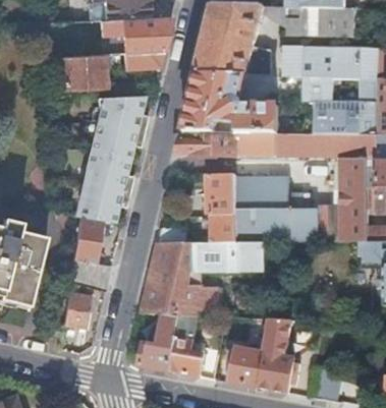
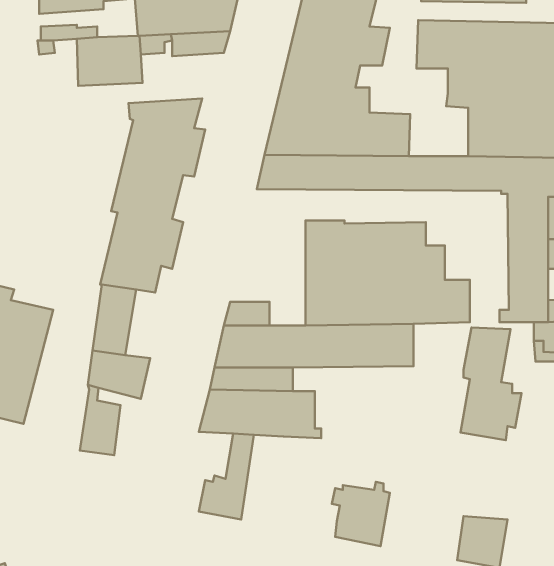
building: [168,314,203,375] -> none
building: [259,318,298,392] -> [460,328,521,440]

